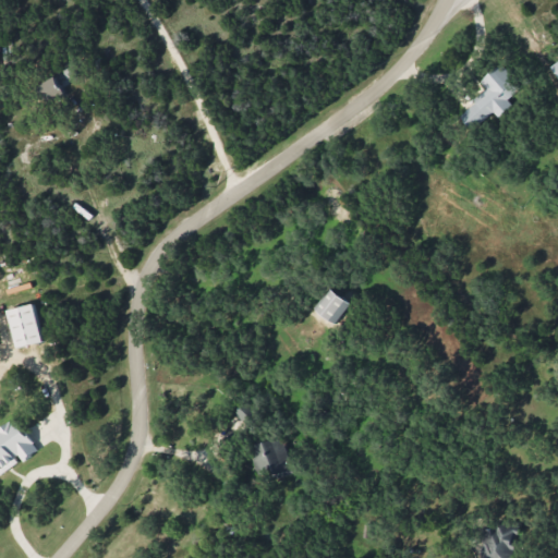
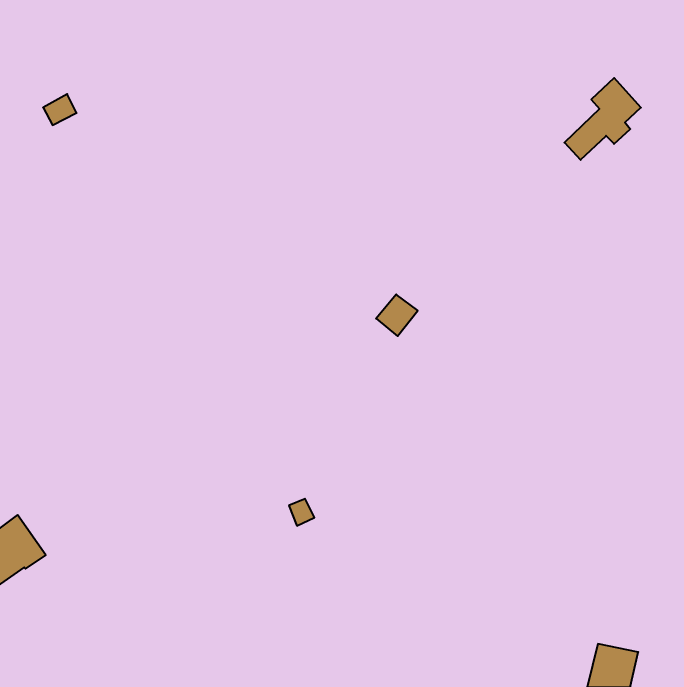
building: [316,290,350,324] -> [376,294,418,336]
building: [7,303,41,348] -> none
building: [248,436,291,481] -> none

